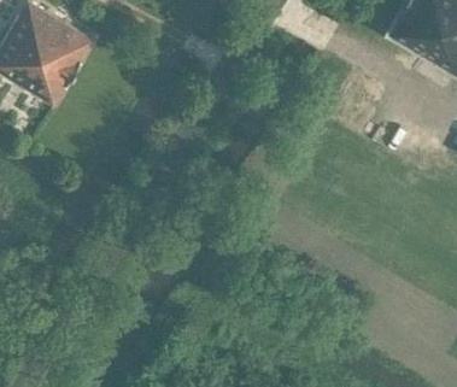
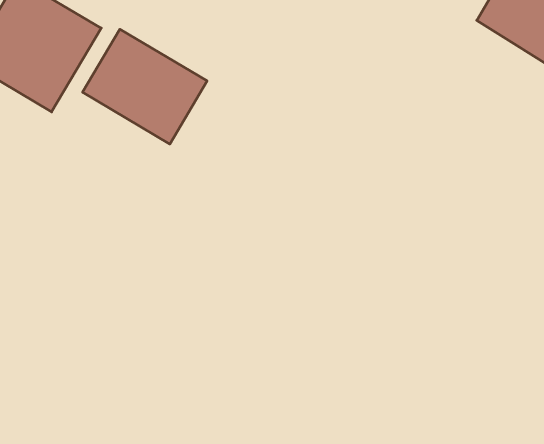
building: none -> [83,29,207,144]

